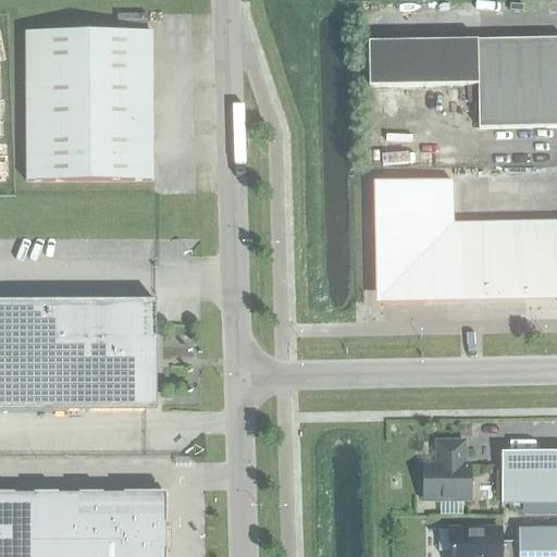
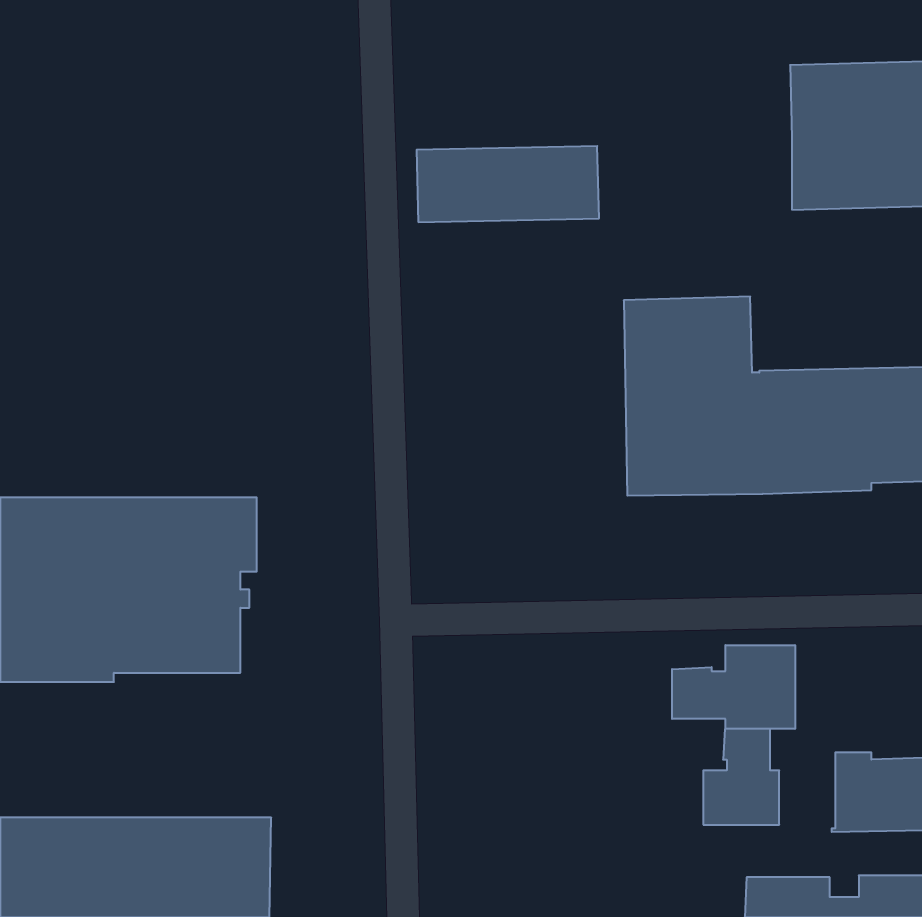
building: [25,28,152,177] -> none
building: [368,39,478,85] -> [417,146,599,222]
building: none -> [672,645,795,729]

